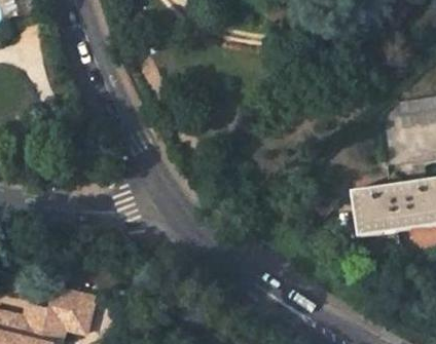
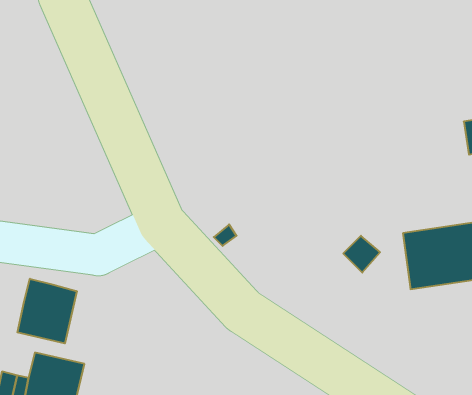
building: none -> [17,279,77,343]

